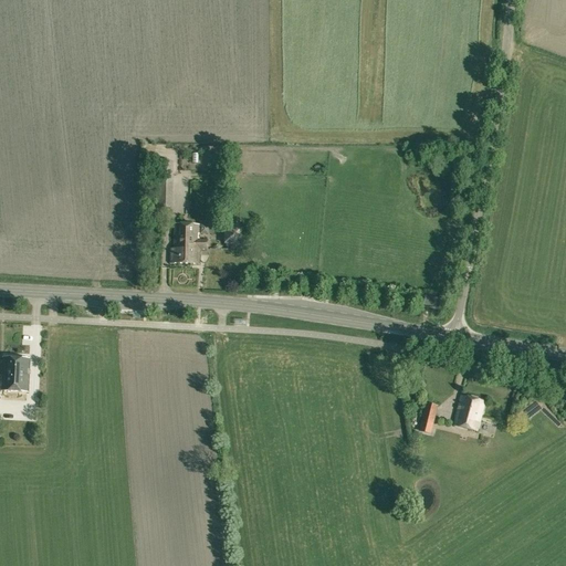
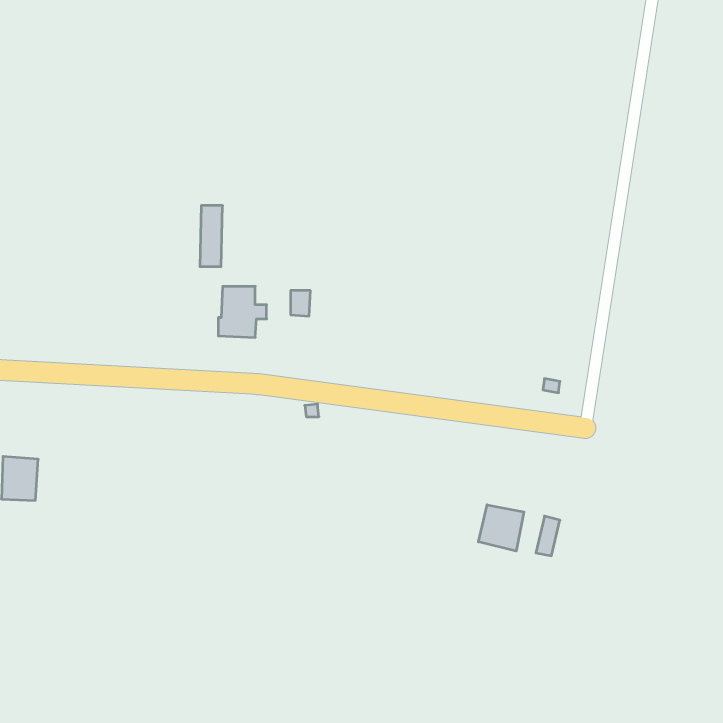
building: none -> [478,505,524,551]
building: [454,395,485,430] -> none

